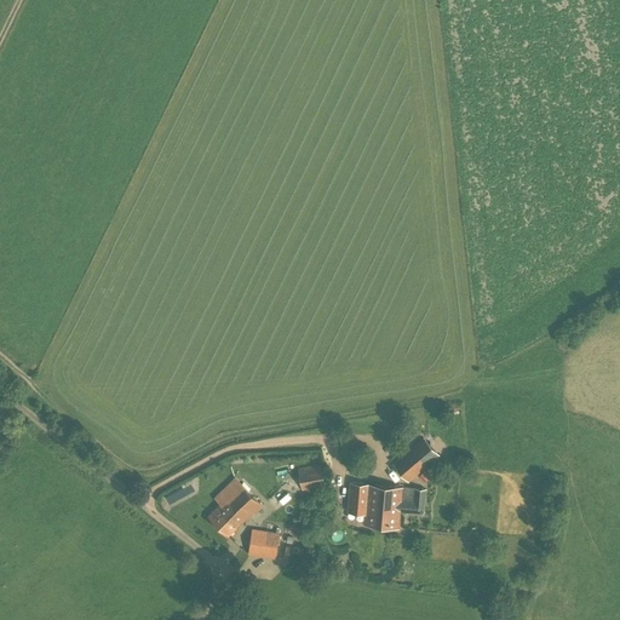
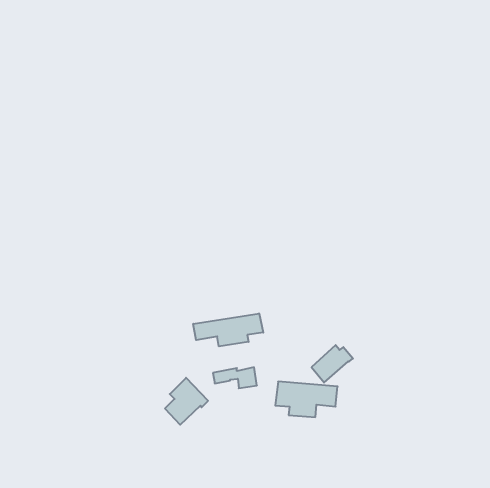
building: none -> [193,313,263,346]
building: [248,533,280,564] -> none

